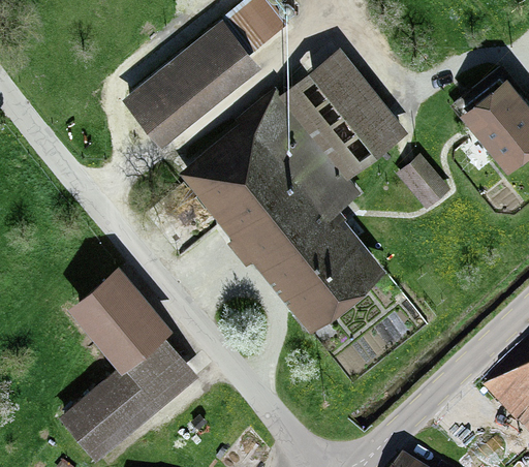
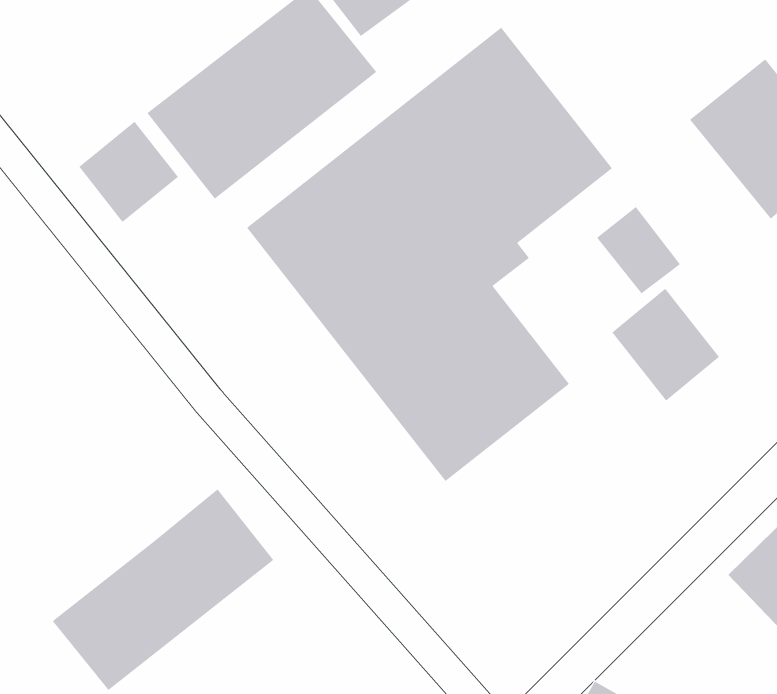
building: none -> [78,121,179,223]
building: none -> [611,288,720,402]
building: [69,263,172,369] -> none

